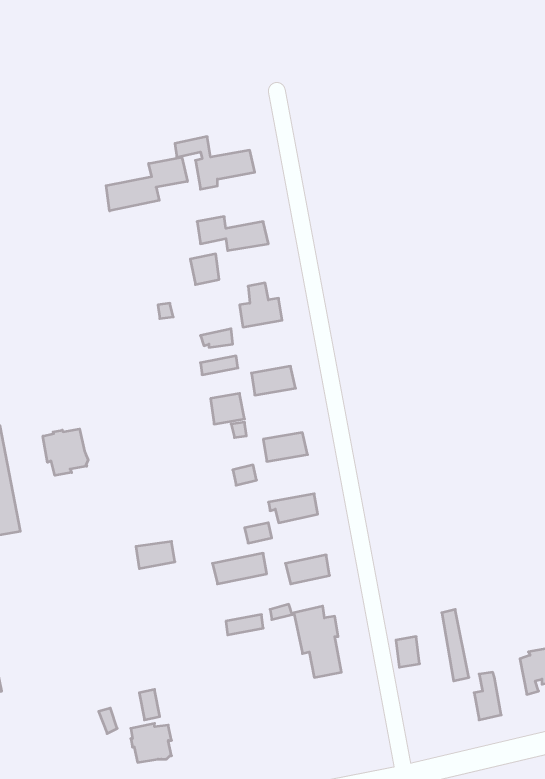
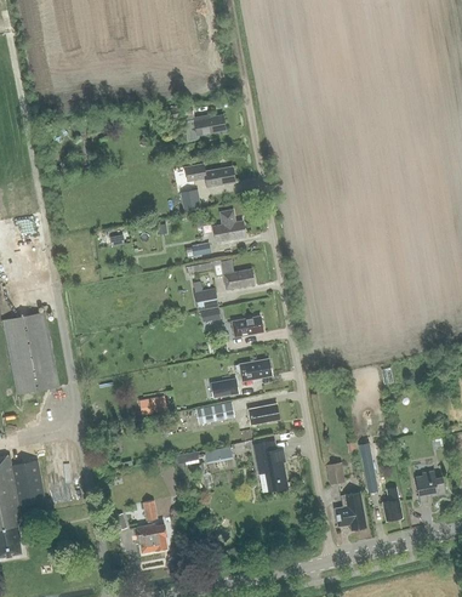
building: [106,157,187,211] -> none
building: [43,429,88,475] -> none
building: none -> [335,491,365,529]

